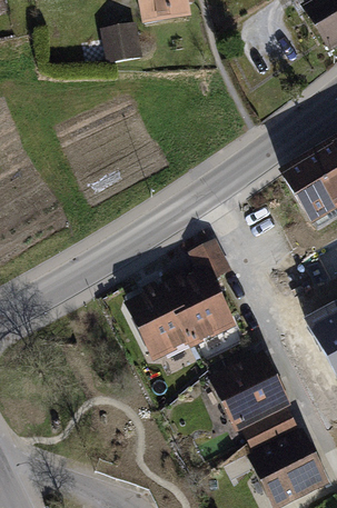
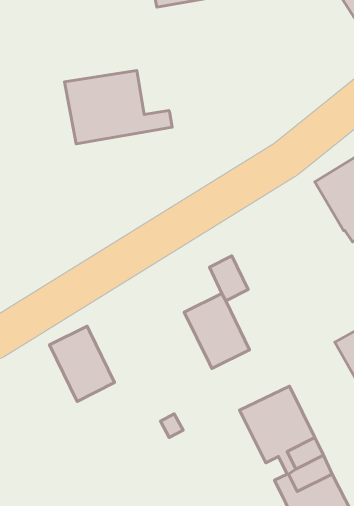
building: [102,23,141,61] -> none
building: none -> [65,70,172,144]
building: [133,287,191,353] -> [49,326,115,401]

